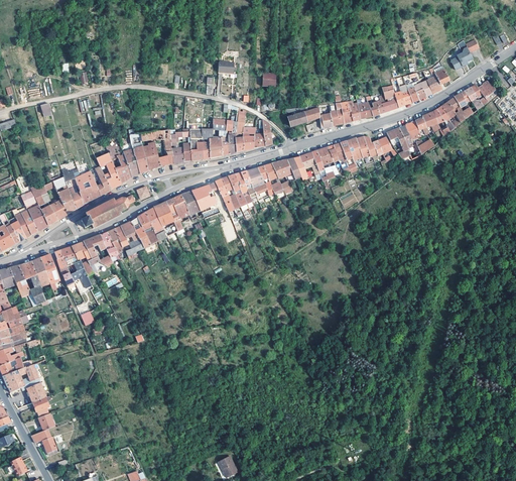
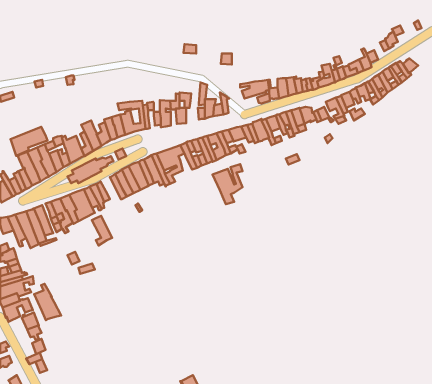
building: none -> [11,127,48,156]
building: none -> [212,164,243,204]
building: [120,220,144,255] -> [92,216,112,245]
building: none -> [34,284,61,320]

